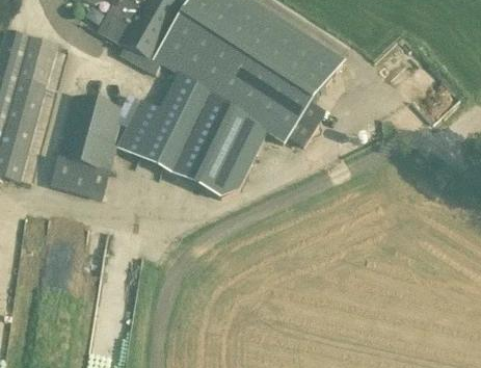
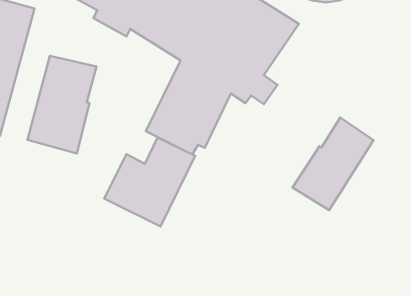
building: [116,78,214,174] -> [104,138,195,227]
building: none -> [292,117,373,210]

